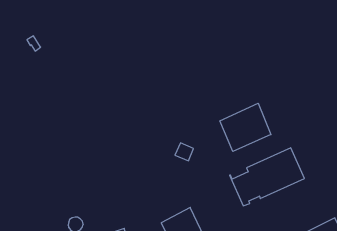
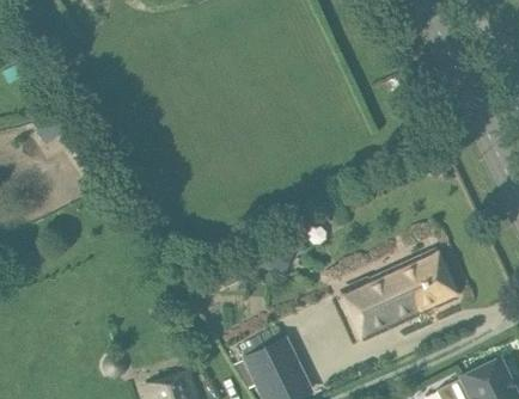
building: [220,103,271,151] -> none

